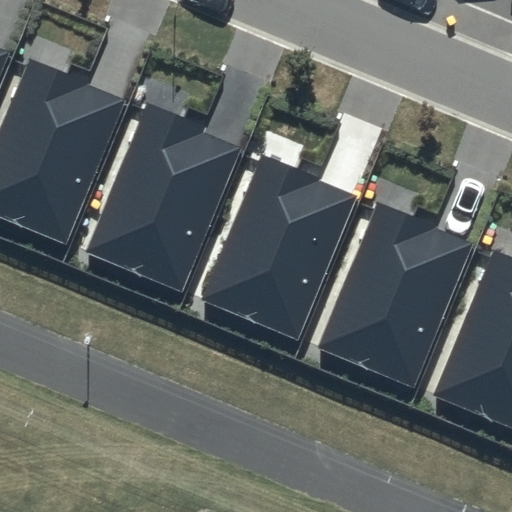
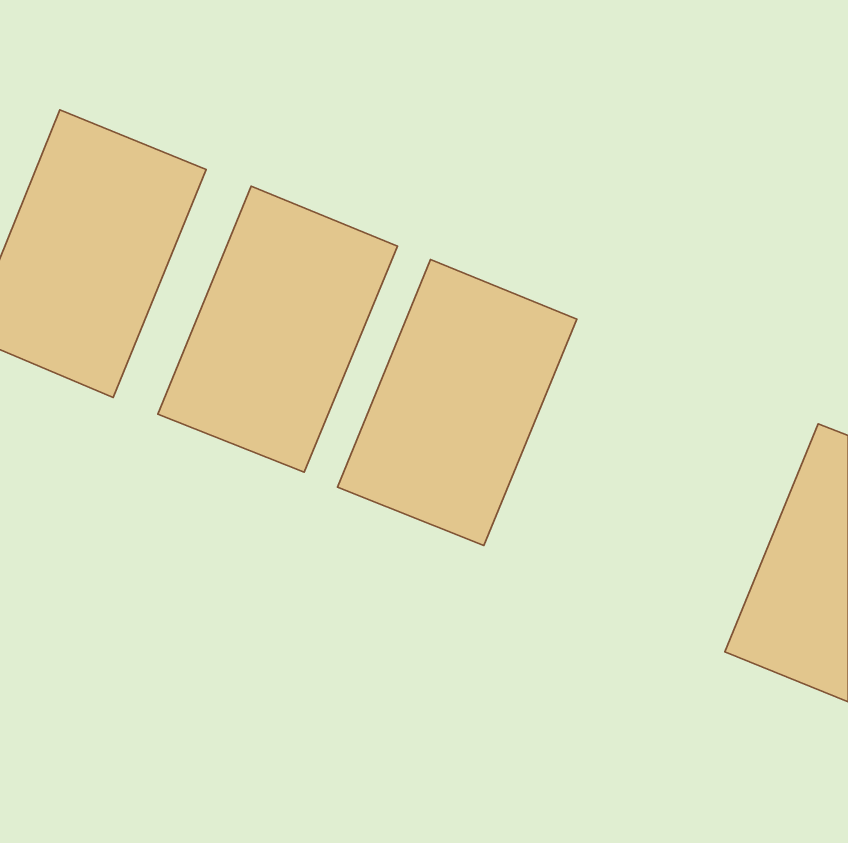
building: [322,214,466,386] -> none

